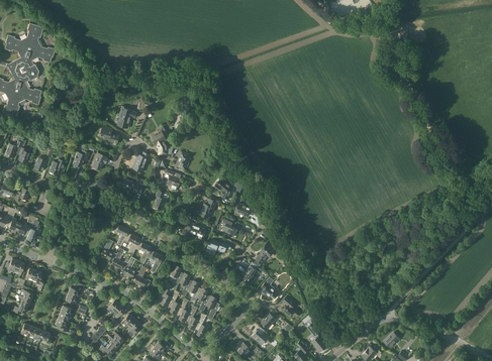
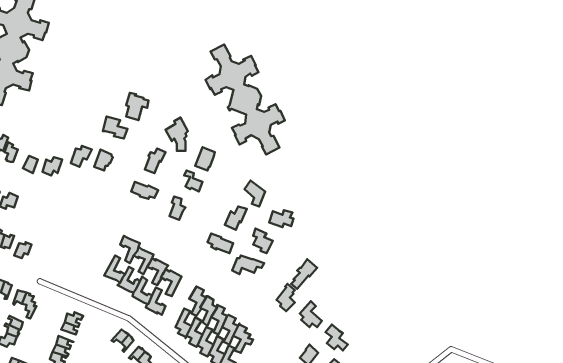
building: none -> [206,44,285,155]

